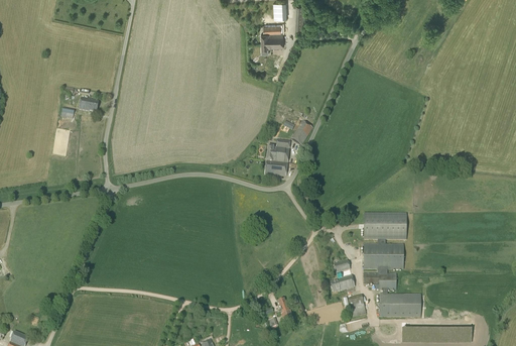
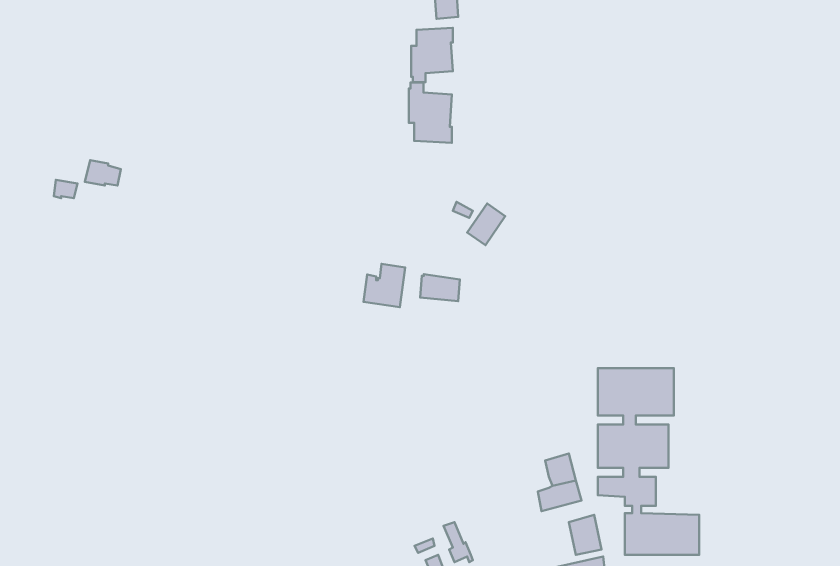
building: none -> [409,82,452,143]
building: [267,138,290,162] -> [363,264,405,307]

